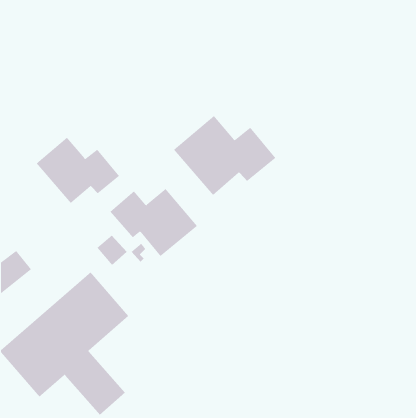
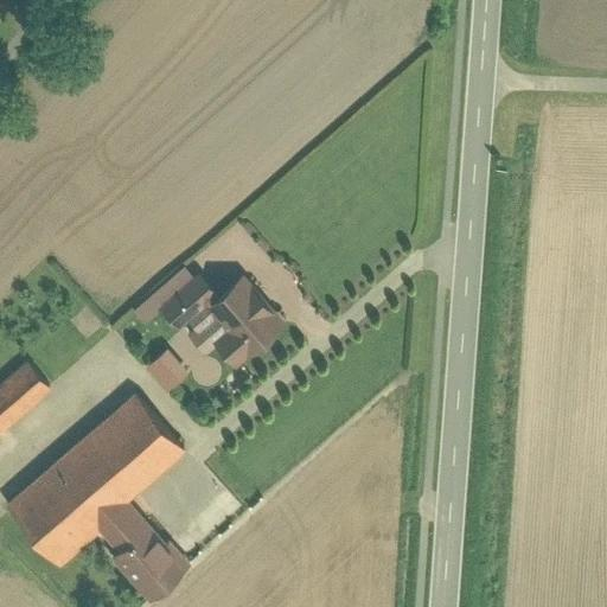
building: [173,115,276,196] -> none
building: [36,137,120,204] -> none

